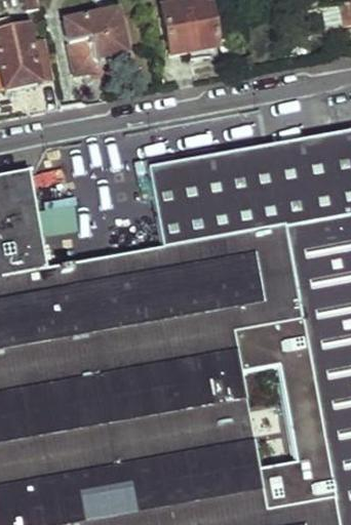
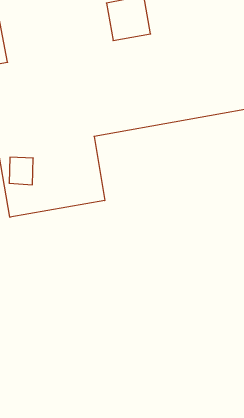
building: [67,9,128,73] -> none

